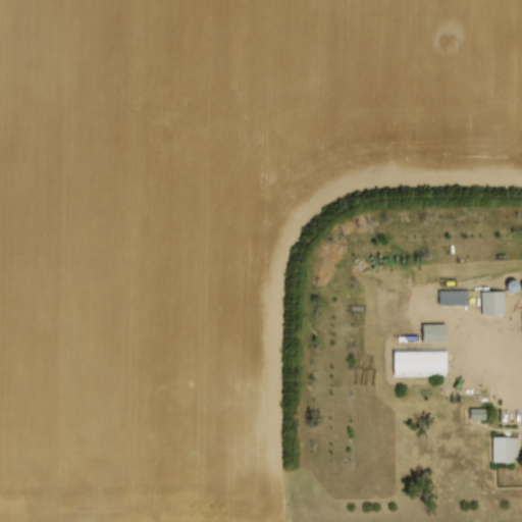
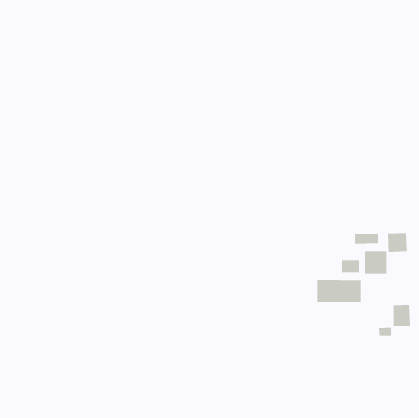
building: none -> [365,251,387,274]
building: [492,437,515,465] -> [393,304,411,327]

